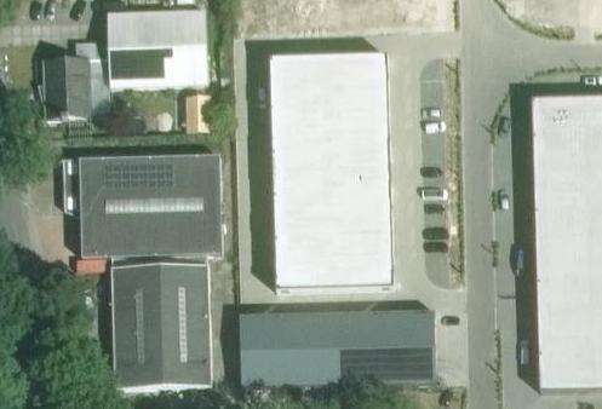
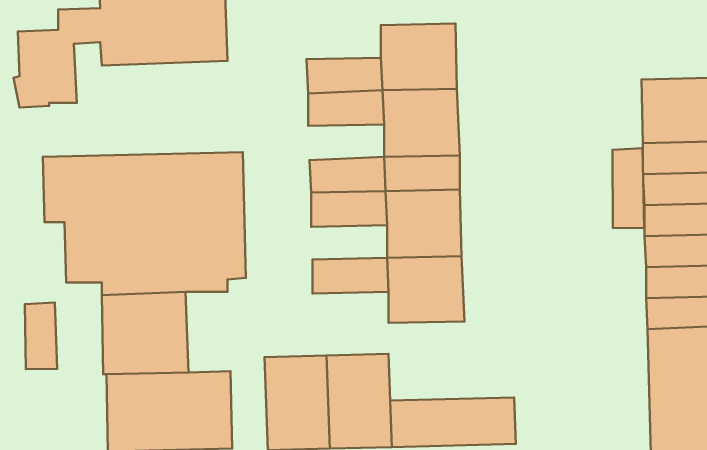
building: [270,54,328,81] -> none
building: [271,132,331,160] -> none
building: none -> [613,148,644,228]
building: [274,211,333,237] -> none
building: [176,263,211,326] -> none
building: [275,263,334,289] -> none
building: none -> [25,303,57,369]
building: [334,309,432,347] -> none

